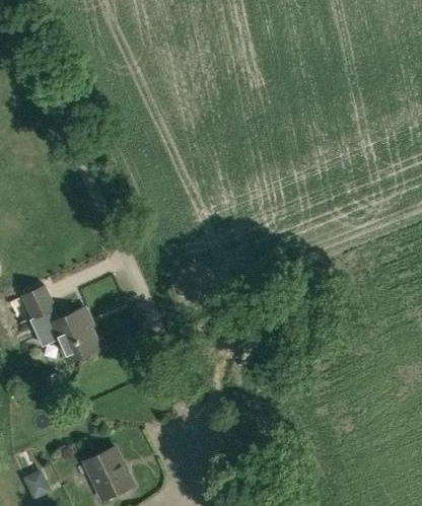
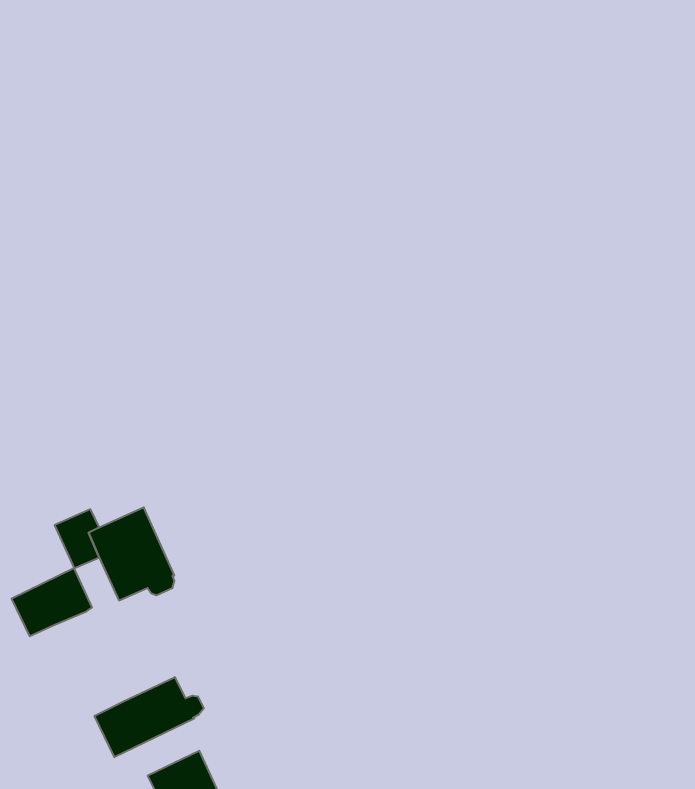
building: [9,285,55,323] -> [12,568,92,636]
building: none -> [95,677,204,757]

